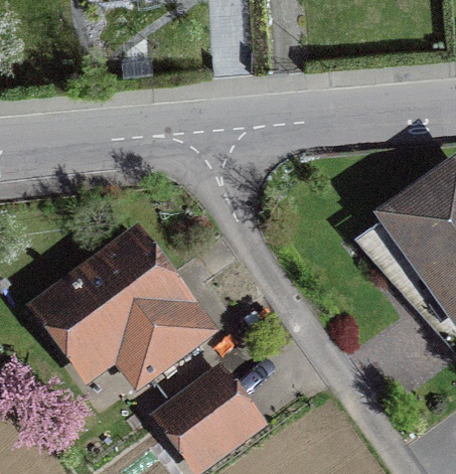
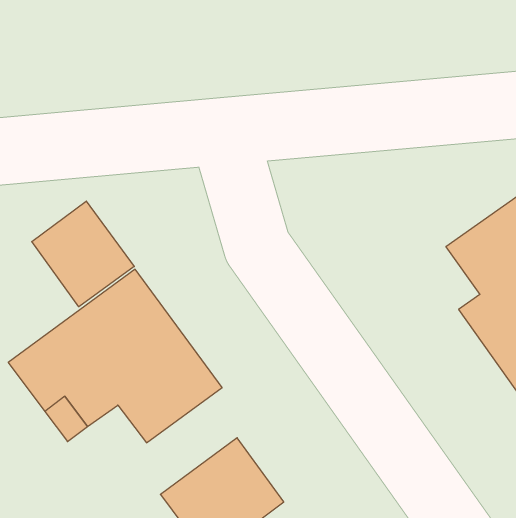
building: none -> [32,201,134,307]

